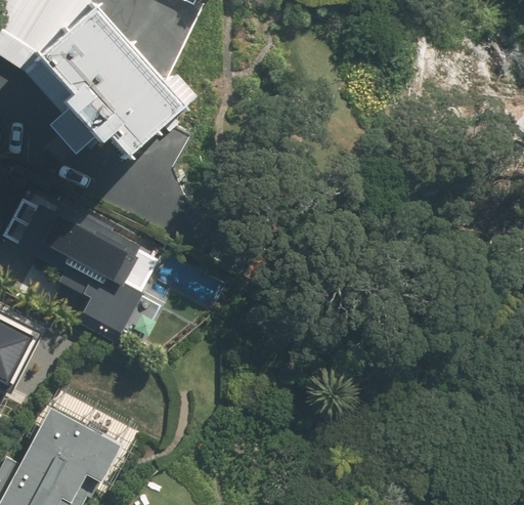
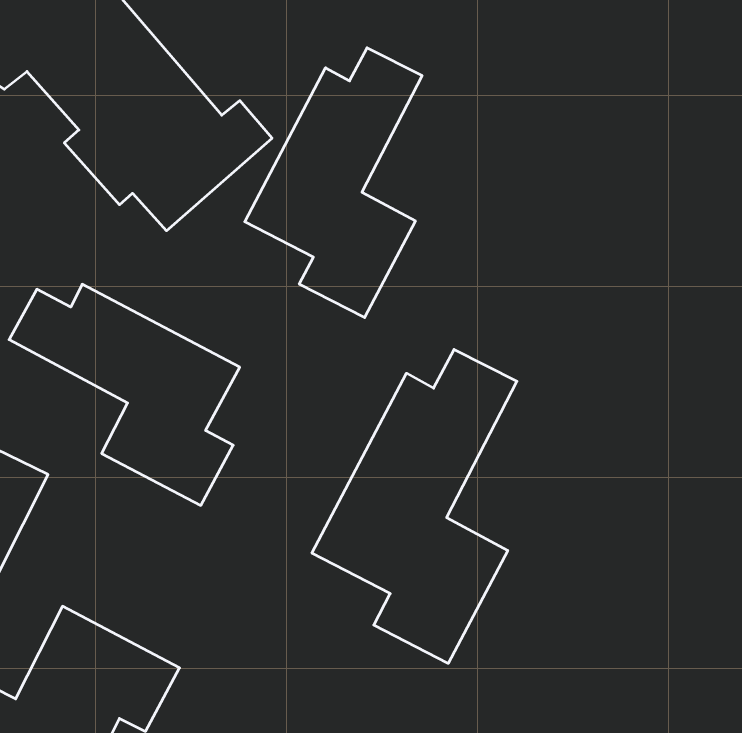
building: none -> [245,48,422,318]
building: none -> [312,349,517,663]

